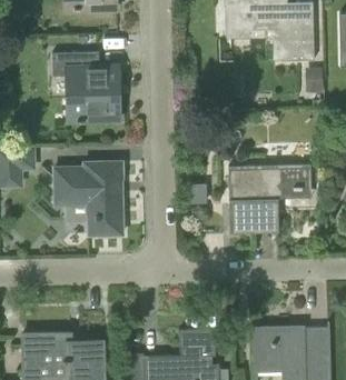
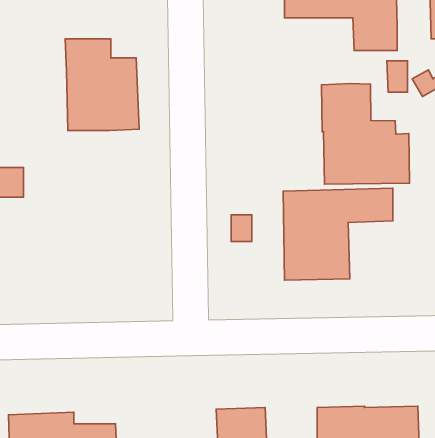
building: none -> [321,84,410,184]
building: [55,162,122,236] -> none

